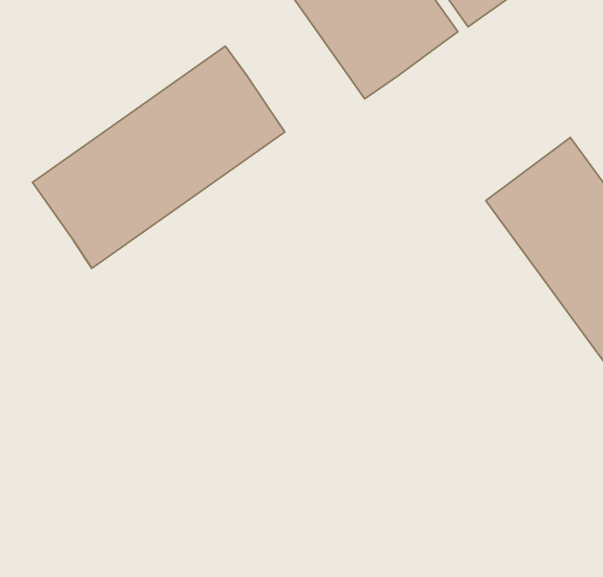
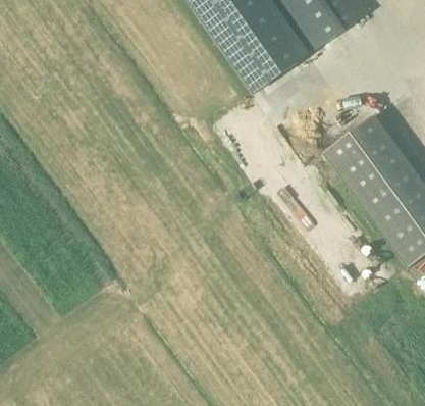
building: [32,46,285,268] -> none

